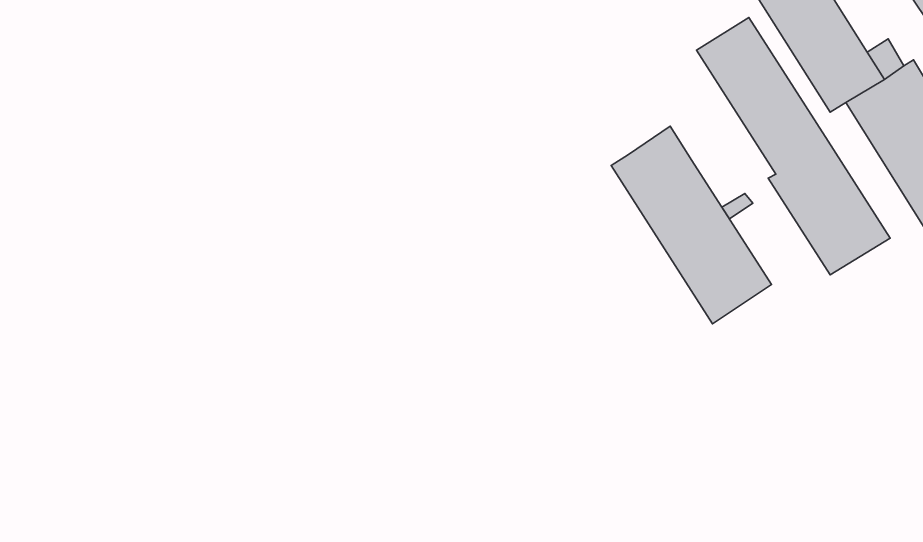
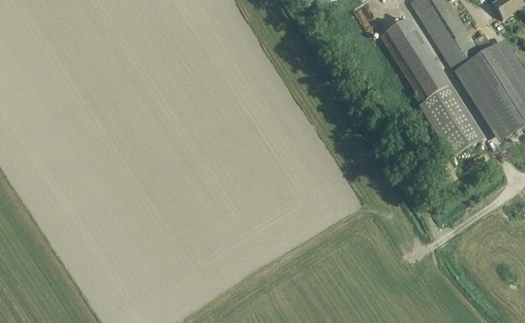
building: [611,126,771,324] -> none

